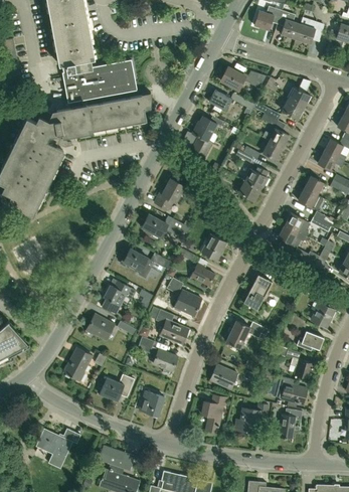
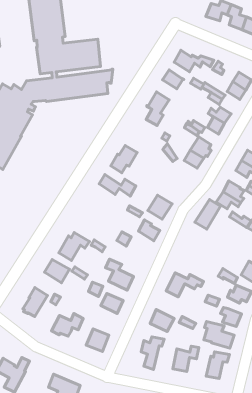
building: [121,248,168,278] -> none
building: [243,275,272,309] -> [195,199,221,229]
building: [174,290,201,314] -> none

